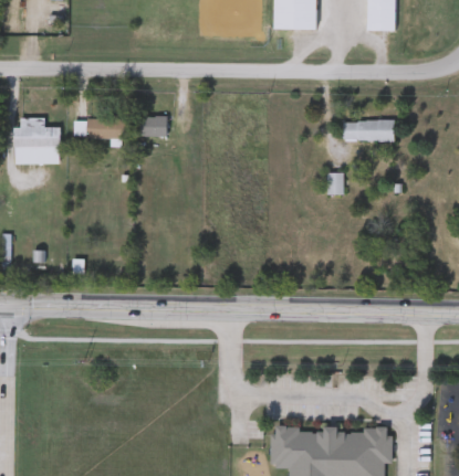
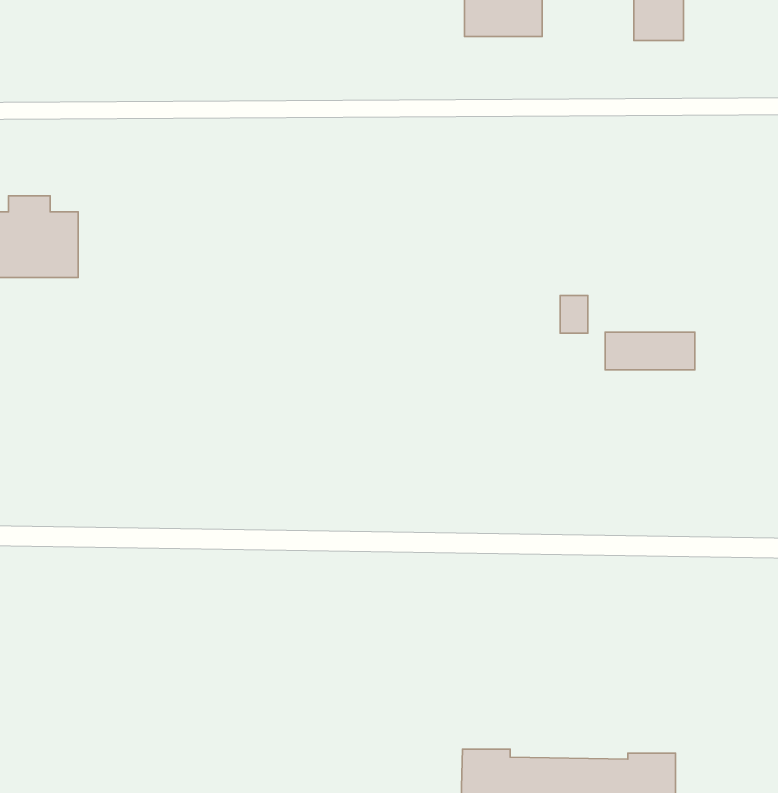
building: [140,116,167,137] -> none
building: [74,119,125,137] -> none
building: [344,120,394,141] -> [605,332,695,370]

